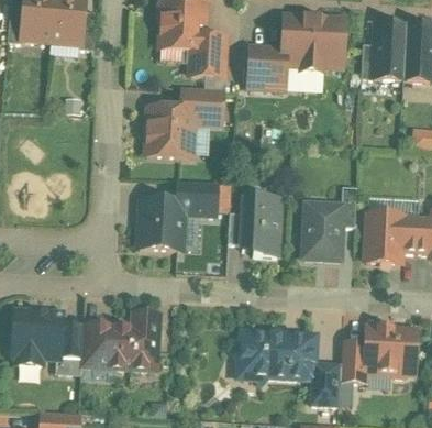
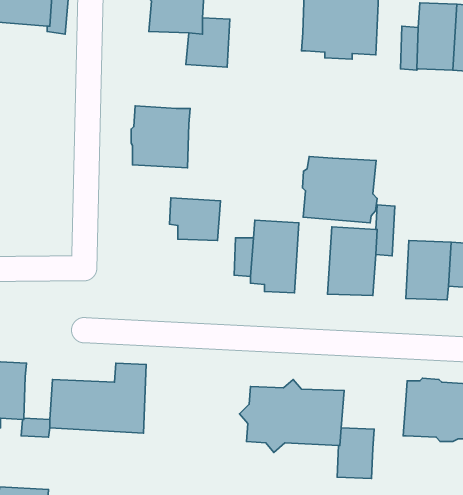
building: [250,46,286,87] -> none
building: [182,87,223,121] -> none
building: none -> [303,156,377,223]
building: [140,199,184,248] -> none
building: [60,322,84,356] -> none
building: [340,340,366,381] -> none

